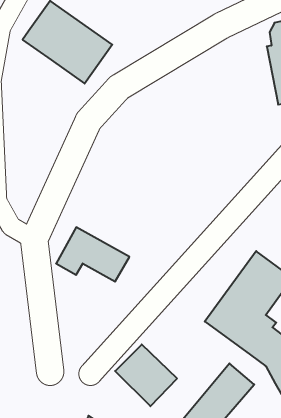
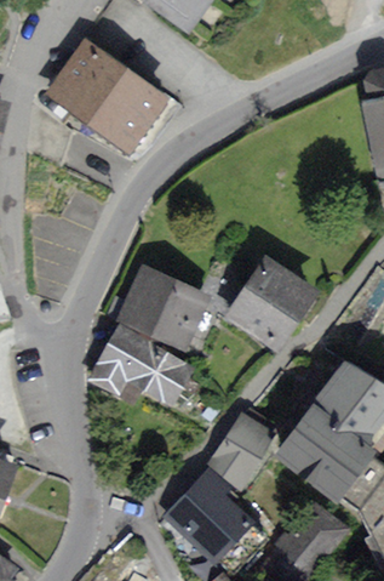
building: none -> [234,262,314,344]
building: none -> [125,272,206,342]
building: none -> [213,415,275,483]

